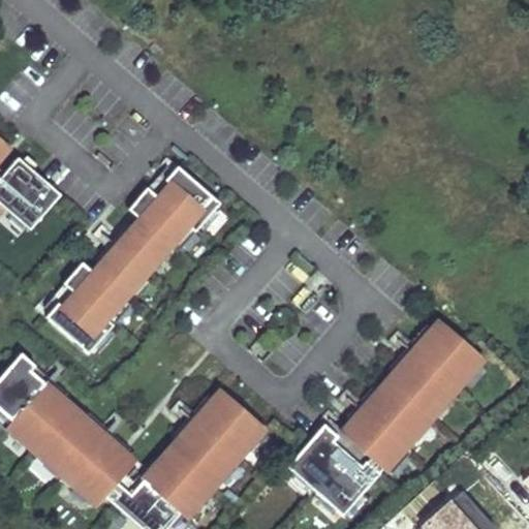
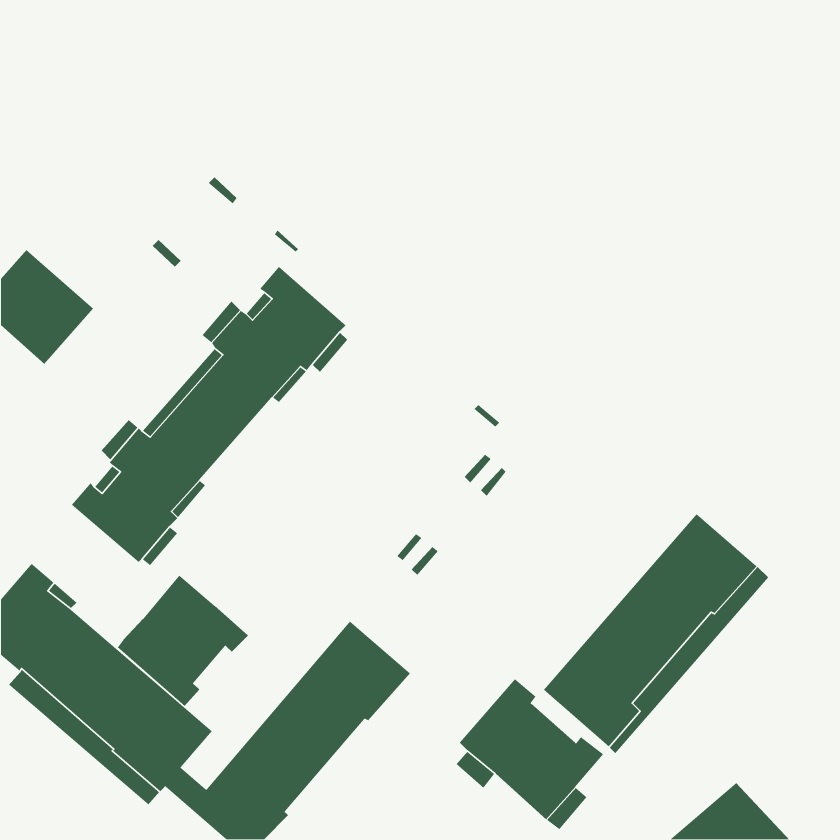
building: none -> [117,575,249,707]

